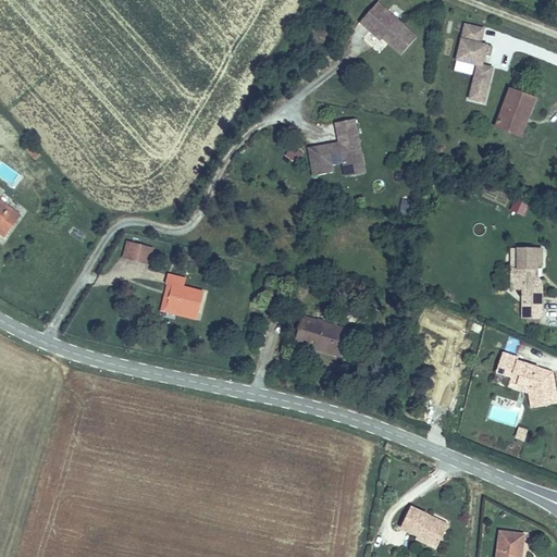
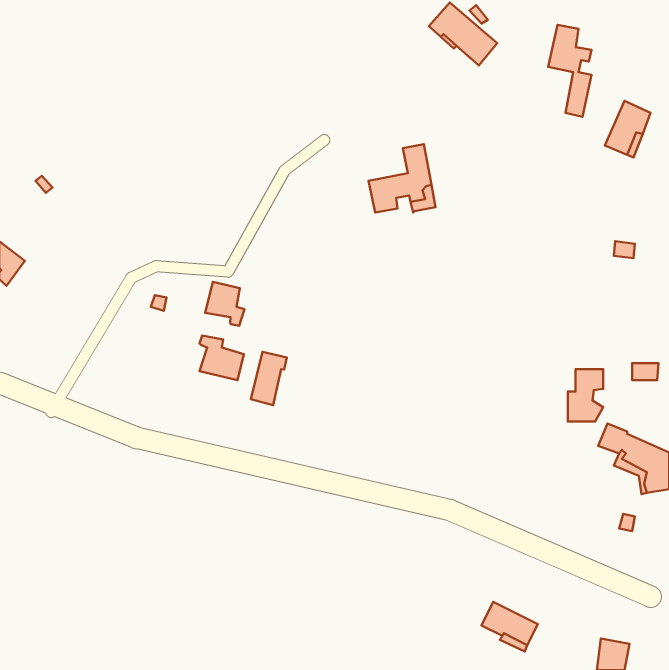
building: none -> [205,282,244,326]
building: [517,244,546,287] -> [568,369,603,422]
building: none -> [251,352,287,405]
building: [296,318,349,358] -> none

